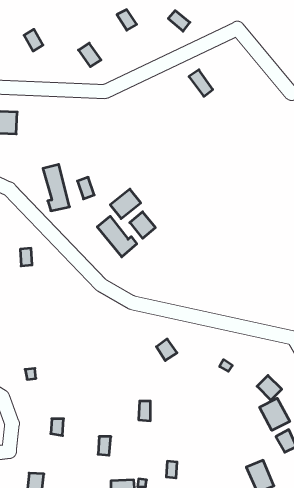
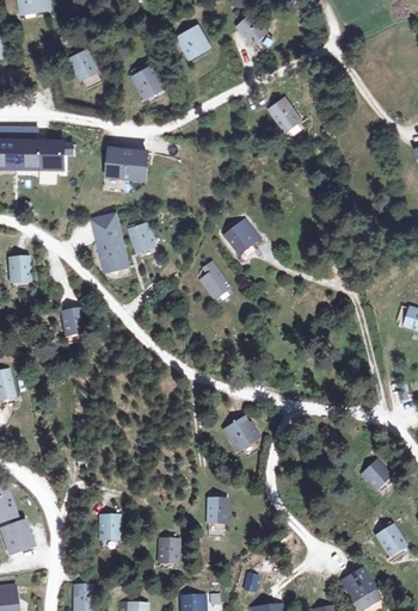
building: none -> [107,147,146,178]
building: [110,189,141,219] -> [222,218,259,254]
building: [97,216,137,257] -> none
building: [260,398,290,430] -> none

